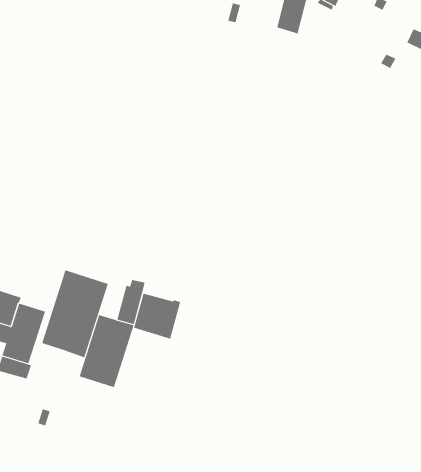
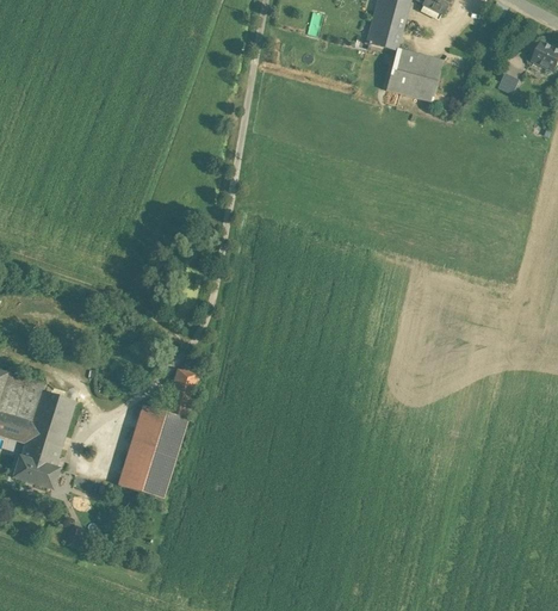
building: none -> [385,48,441,101]
building: [42,270,109,358] -> none
building: [133,293,181,340] -> none

